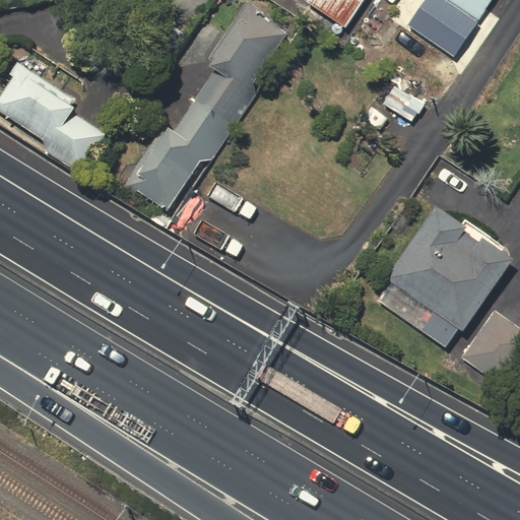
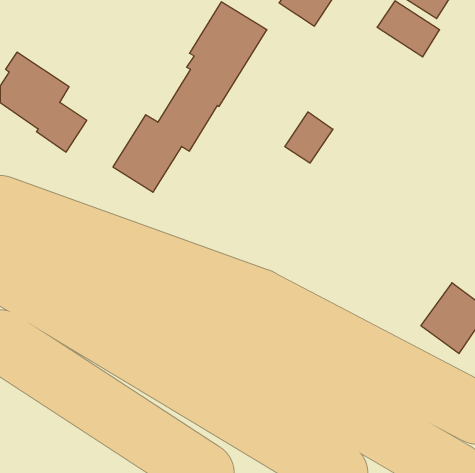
building: none -> [285,112,333,163]
building: [375,207,514,345] -> none

